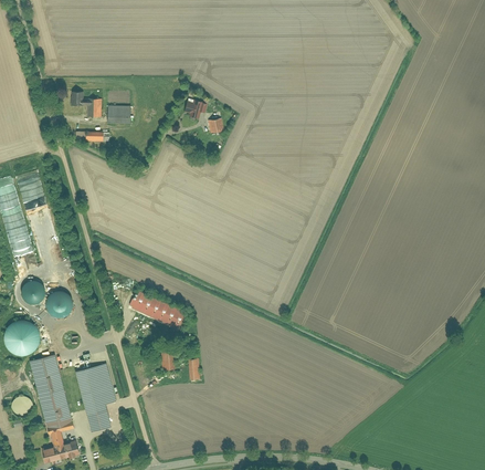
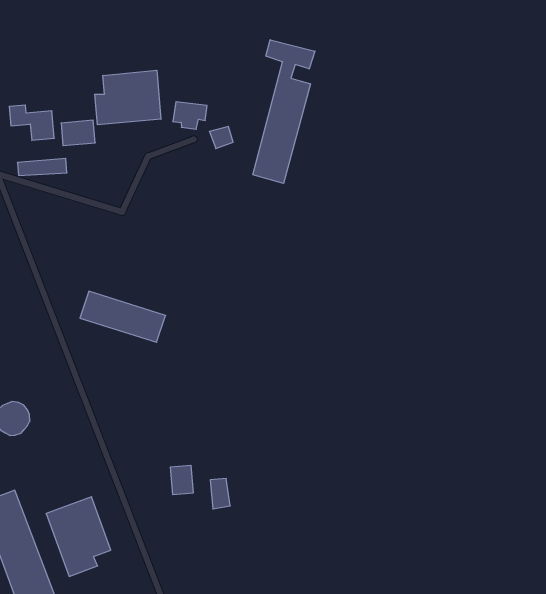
building: none -> [253,40,315,183]
building: none -> [95,70,161,125]
building: [128,291,187,330] -> [80,291,166,342]

